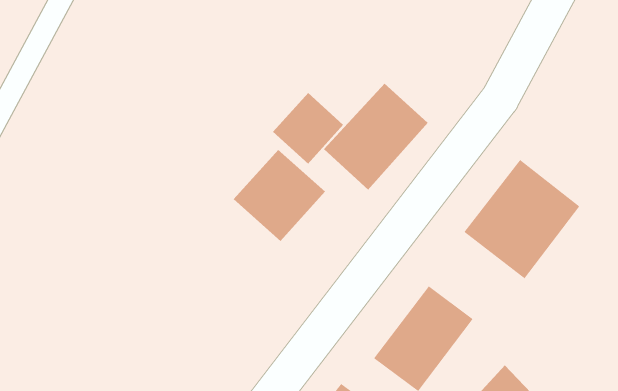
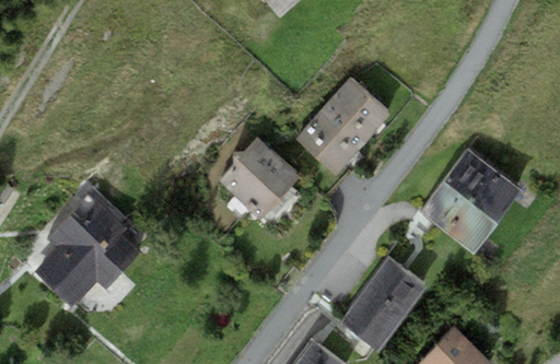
building: [272,92,344,164] -> none
building: none -> [36,198,142,305]

